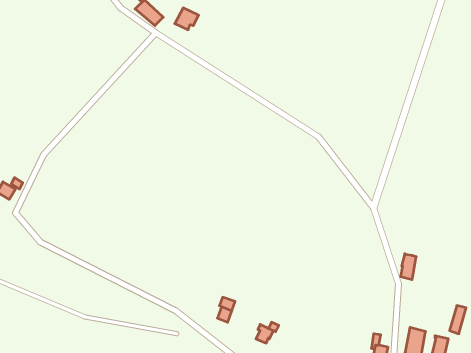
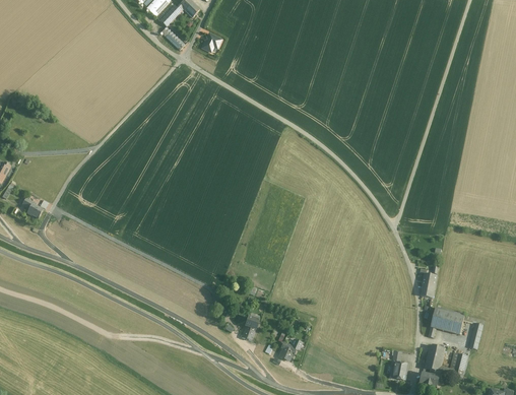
building: none -> [431,308,465,335]

